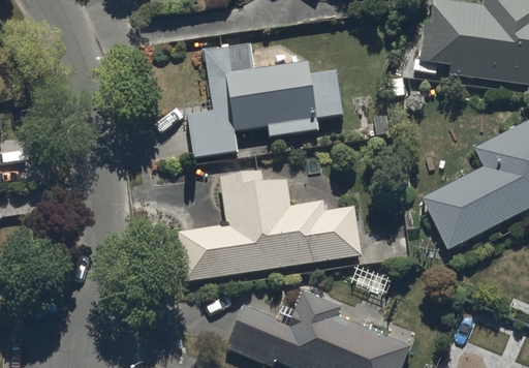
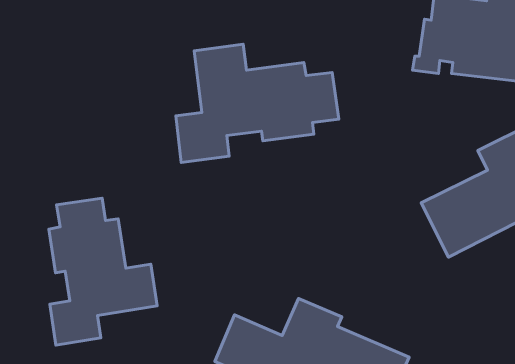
building: [179,170,362,280] -> none
building: none -> [49,198,157,345]

